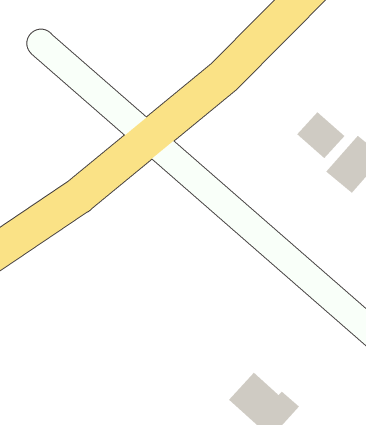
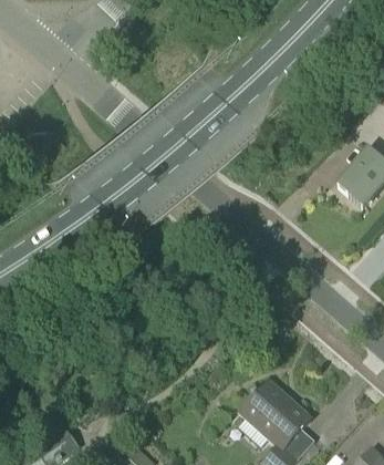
building: [296,111,345,159] -> none

